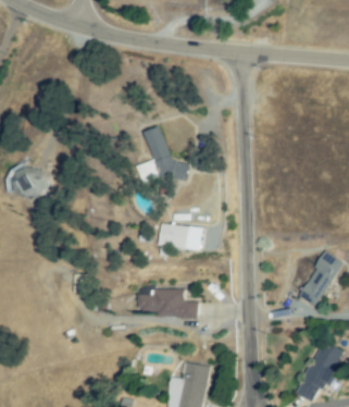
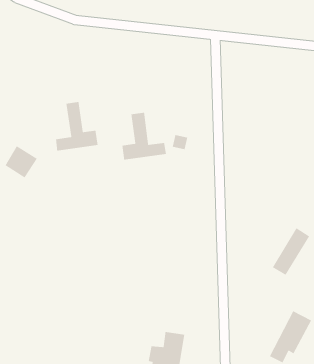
building: none -> [55,101,98,151]
building: [159,221,190,250] -> none
building: [140,291,198,314] -> none

